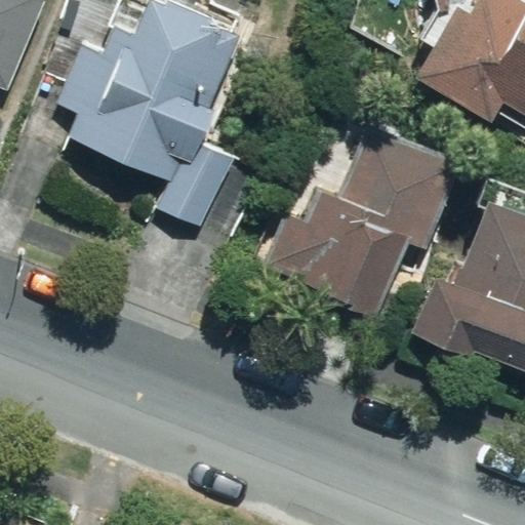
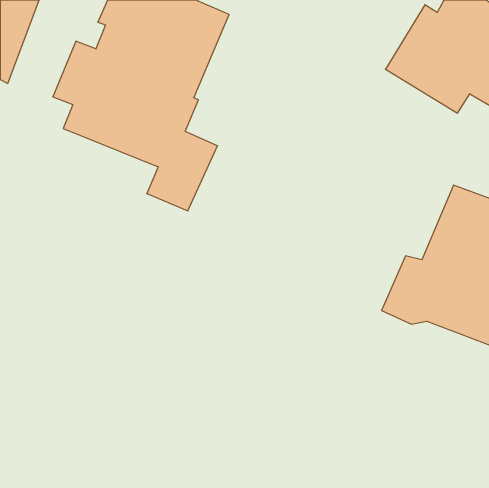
building: [261,125,460,321] -> none

